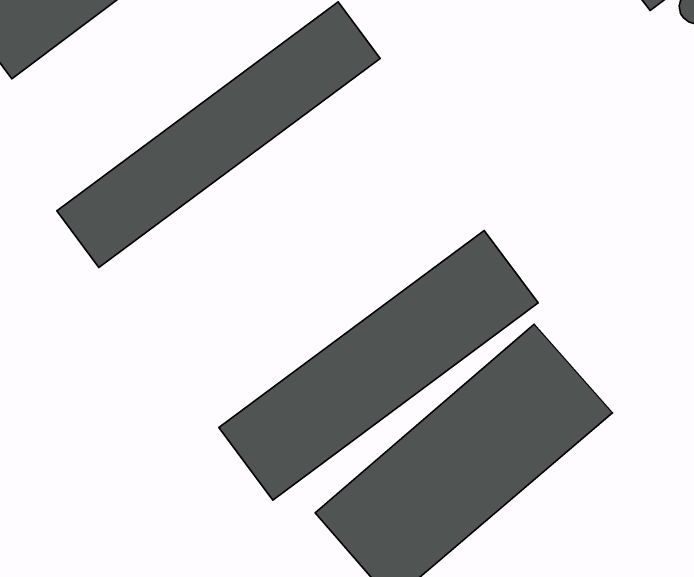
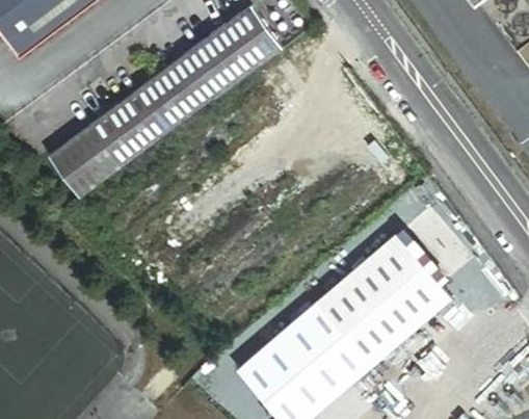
building: [219,230,538,500] -> none

